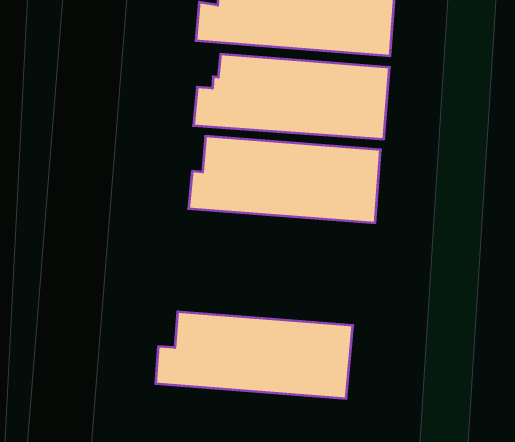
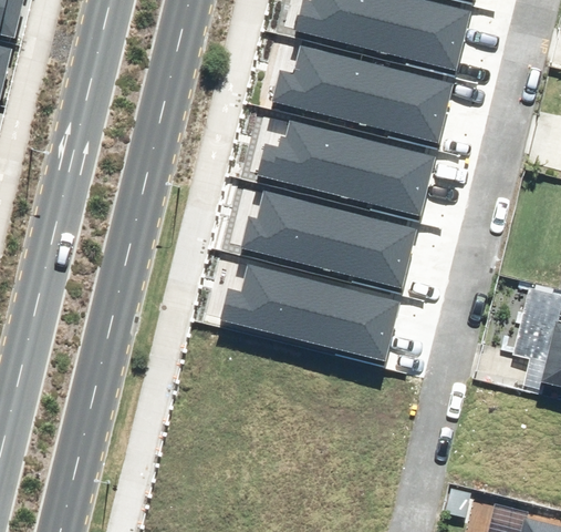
building: [156,312,353,398] -> [219,260,401,361]

